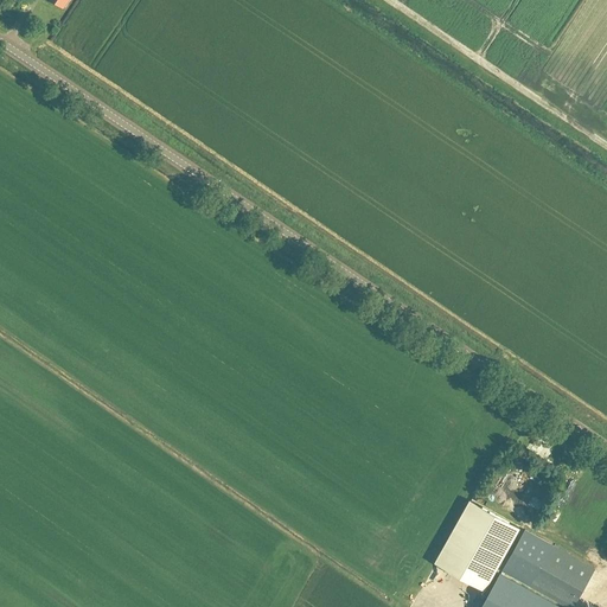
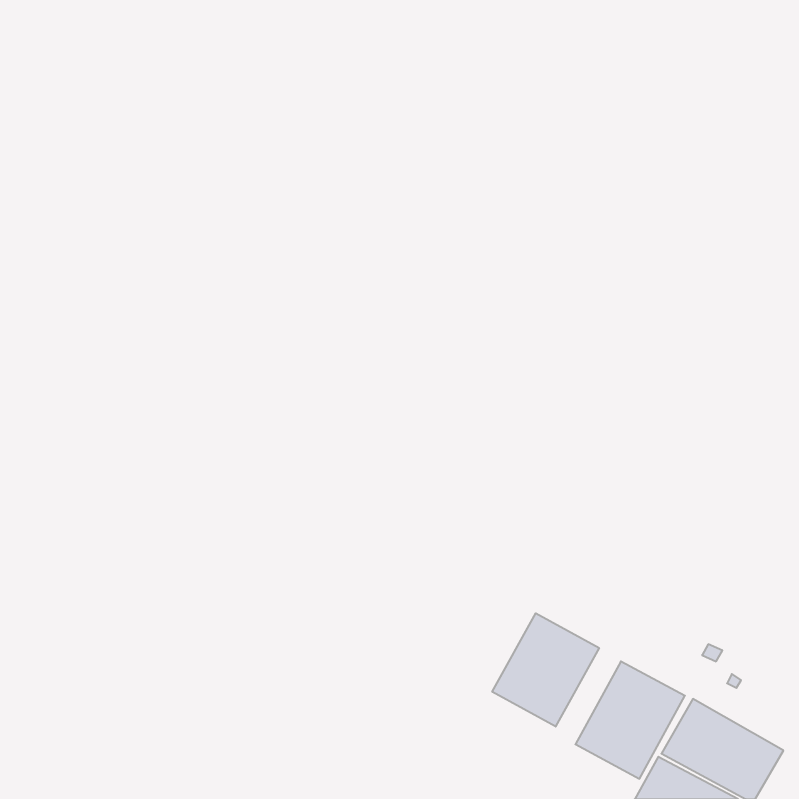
building: none -> [492,613,599,727]

